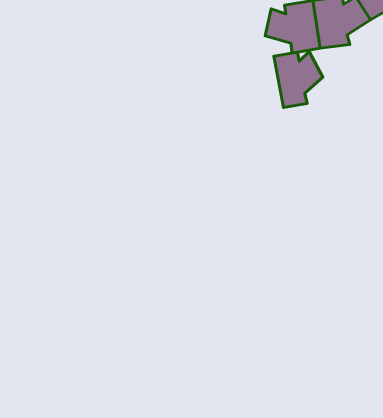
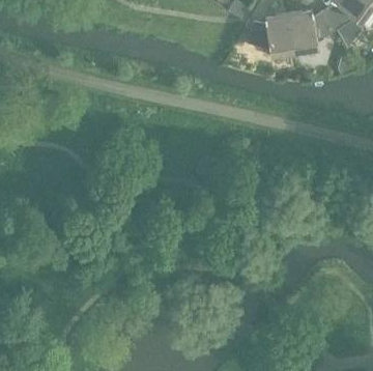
building: [274,52,323,108] -> none

